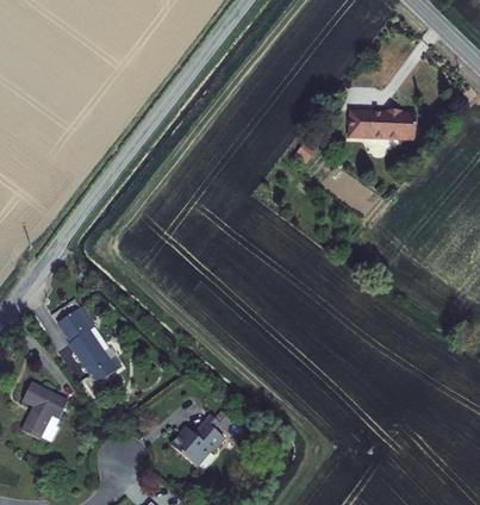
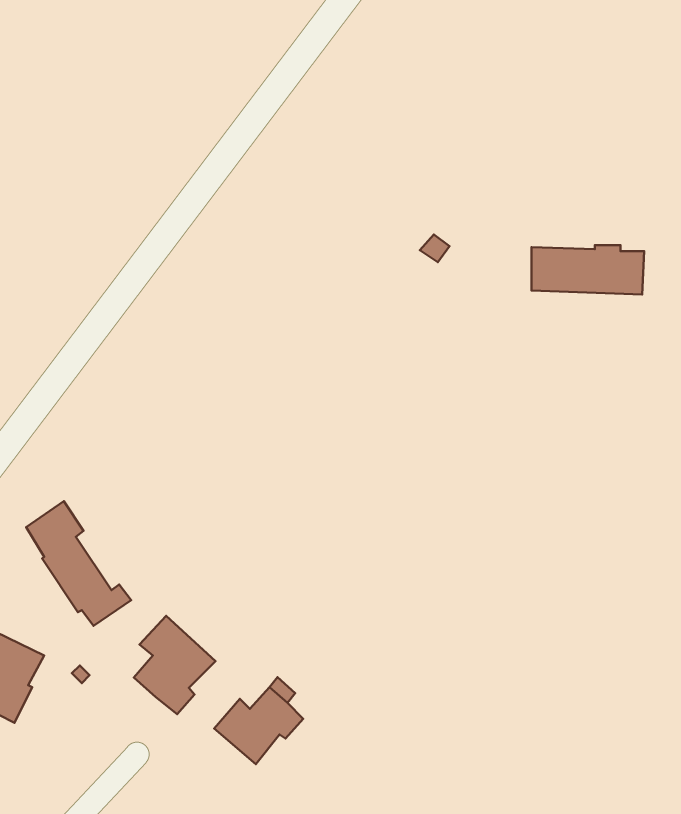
building: [349,110,417,139] -> [532,245,644,295]
building: none -> [134,616,216,714]

